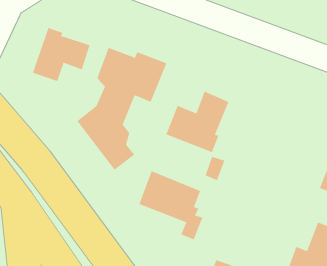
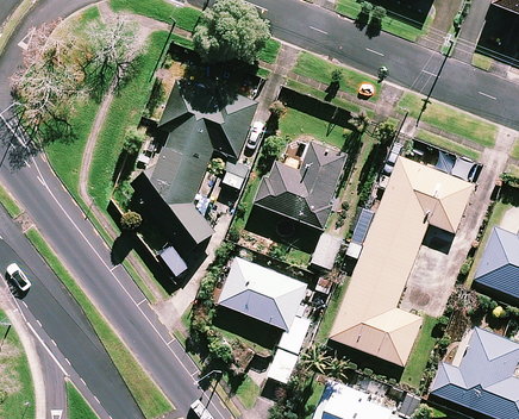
building: [32,27,90,82] -> none
building: none -> [330,156,474,365]

